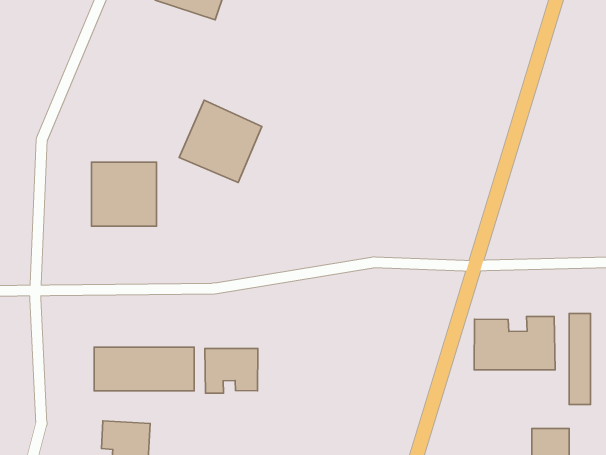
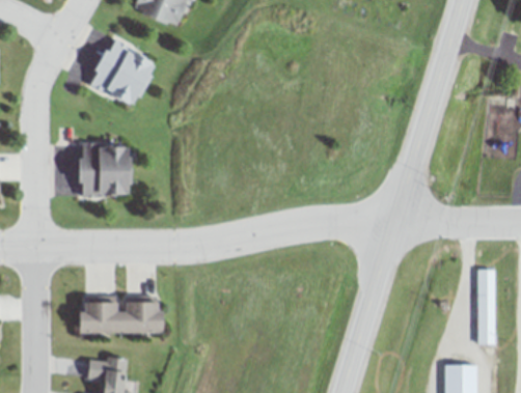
building: [179,100,262,183] -> [90,38,159,107]
building: [474,317,555,370] -> none
building: [205,348,258,393] -> none

